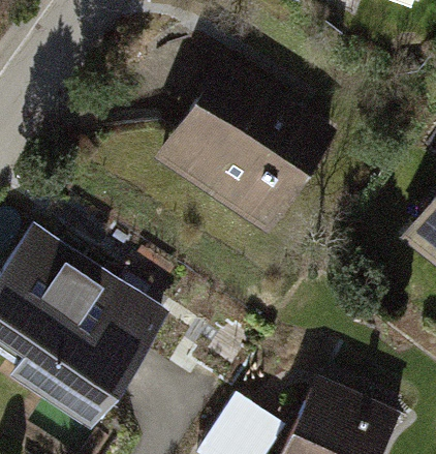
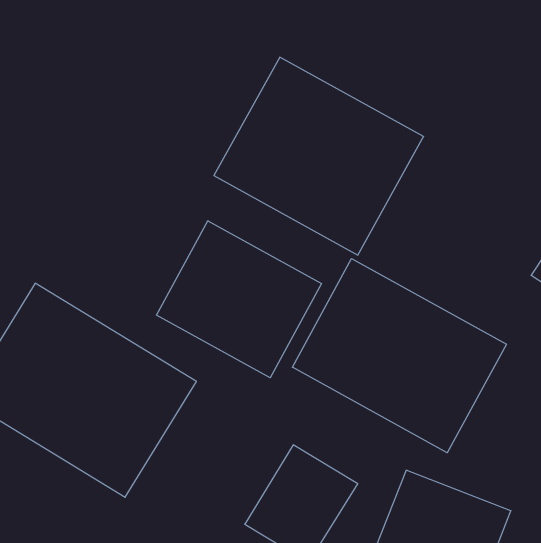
building: none -> [156,221,322,378]
building: none -> [292,259,506,453]

